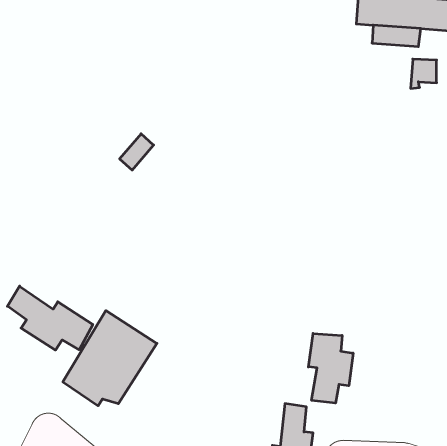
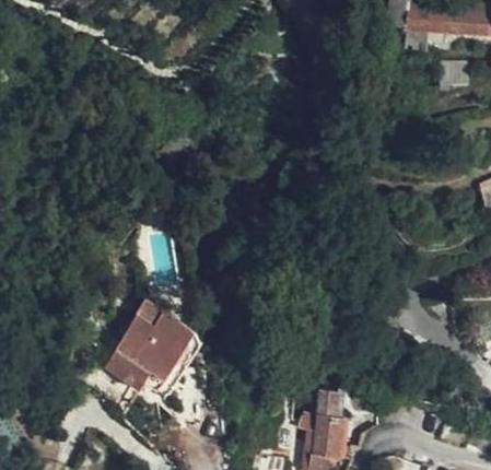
building: [7,286,93,350] -> none
building: [308,333,353,403] -> none

